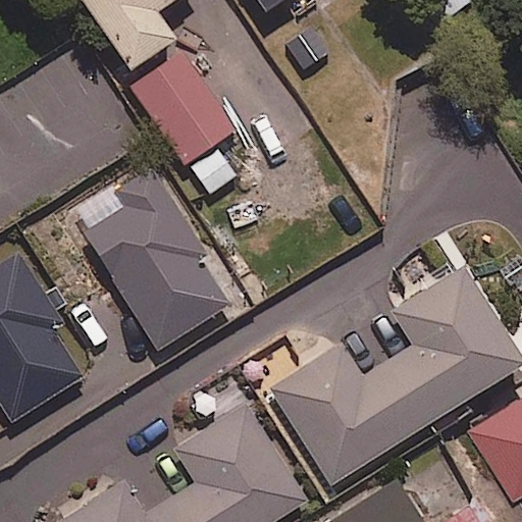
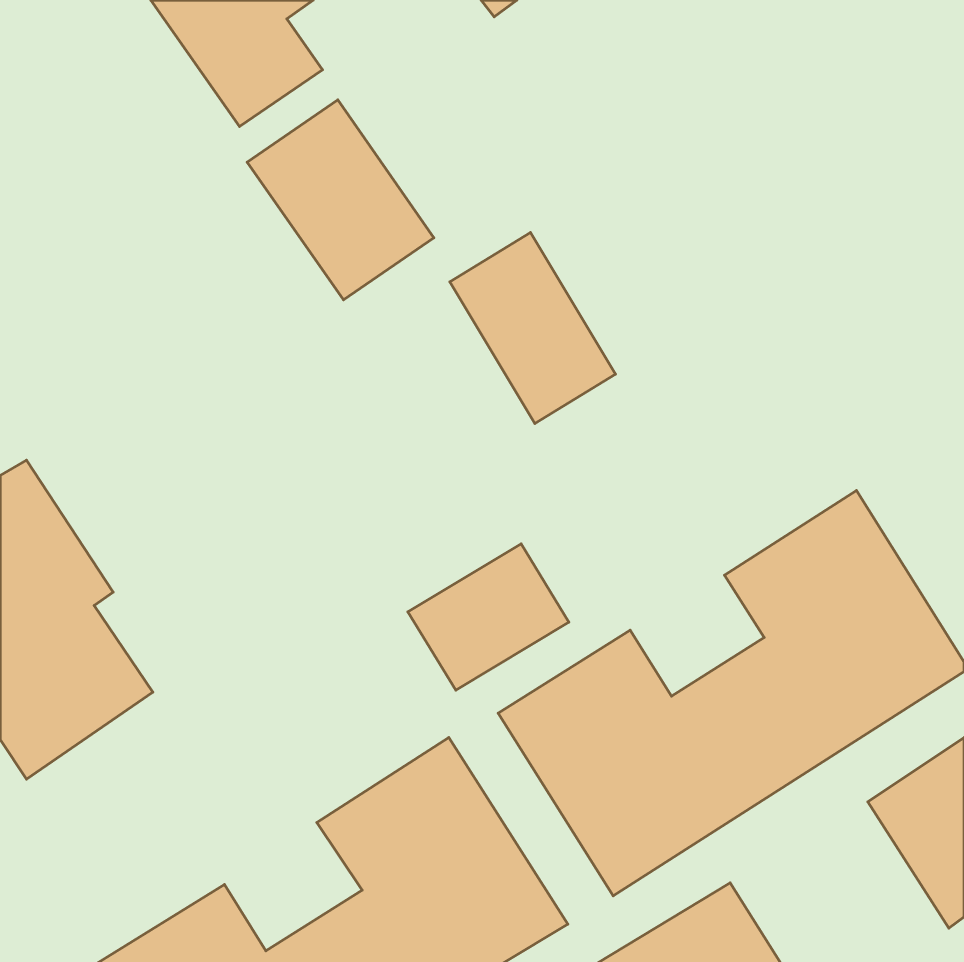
building: none -> [450,233,615,423]
building: [72,165,233,351] -> none
building: none -> [408,544,569,690]

